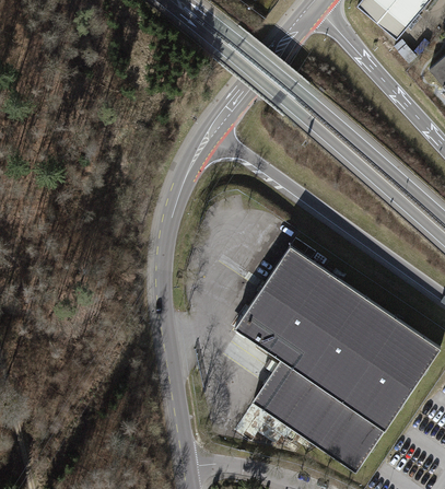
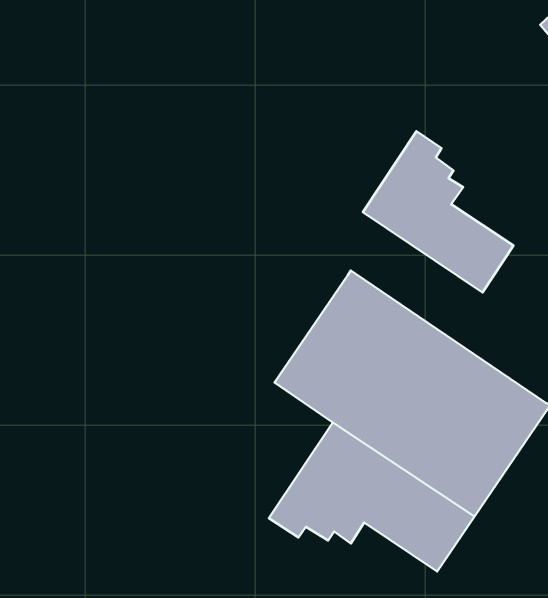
building: none -> [363,131,514,293]

